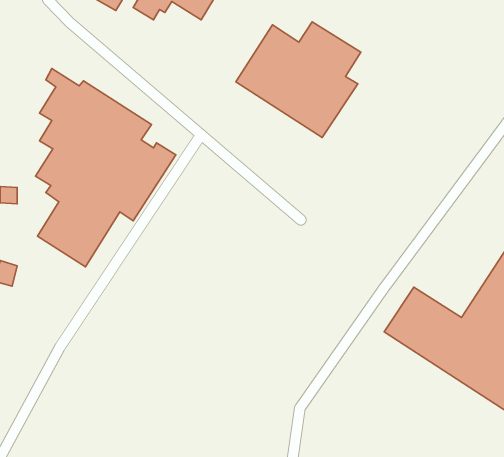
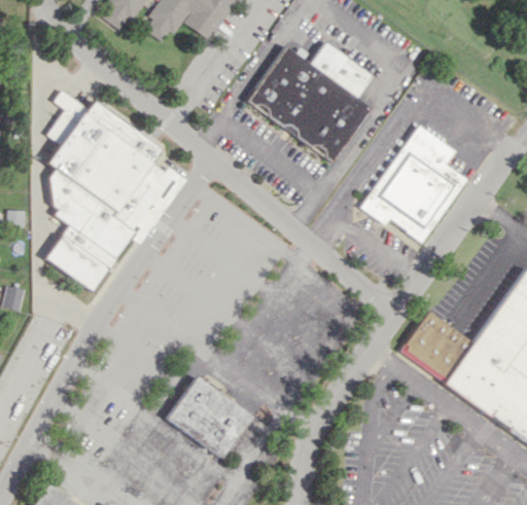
building: none -> [364,124,465,246]
building: none -> [168,376,252,458]

